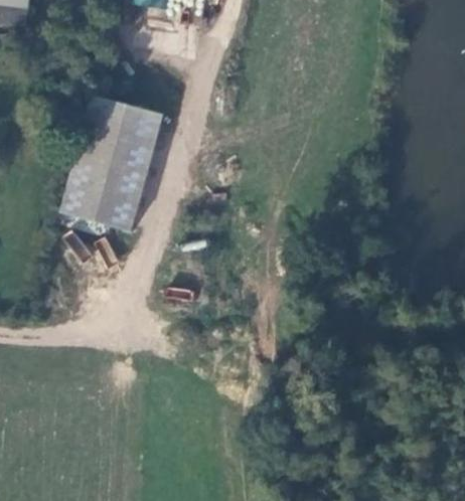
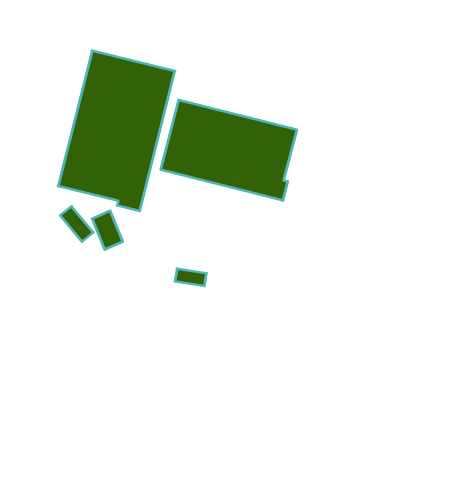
building: none -> [161,100,297,201]

